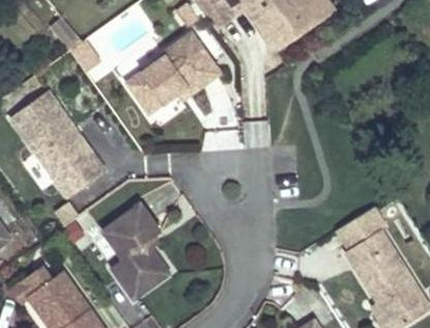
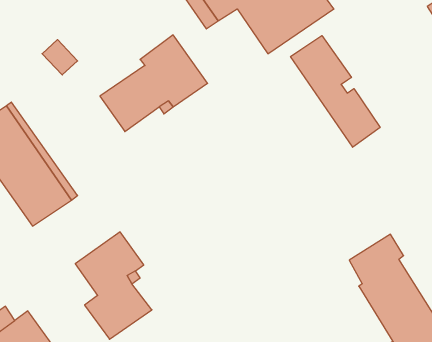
building: none -> [291,36,380,147]

